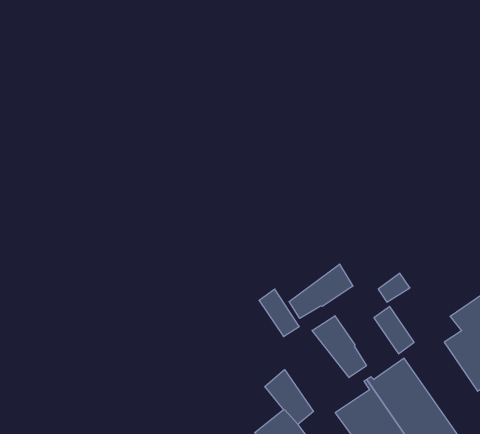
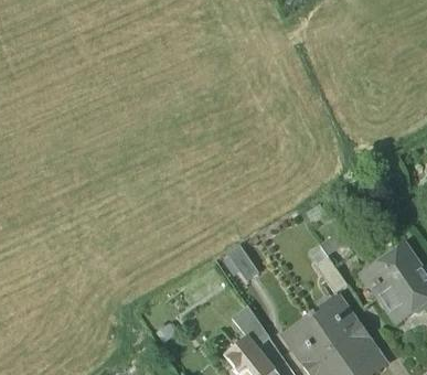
building: [289,264,353,318] -> none
building: [312,316,366,378] -> none

